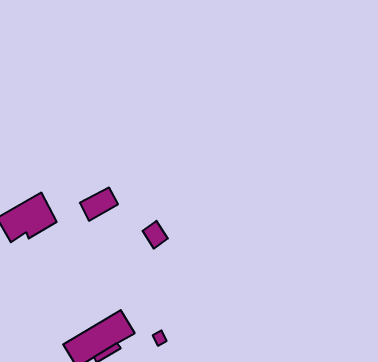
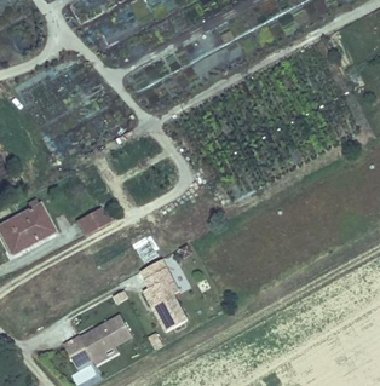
building: none -> [142,266,185,330]

